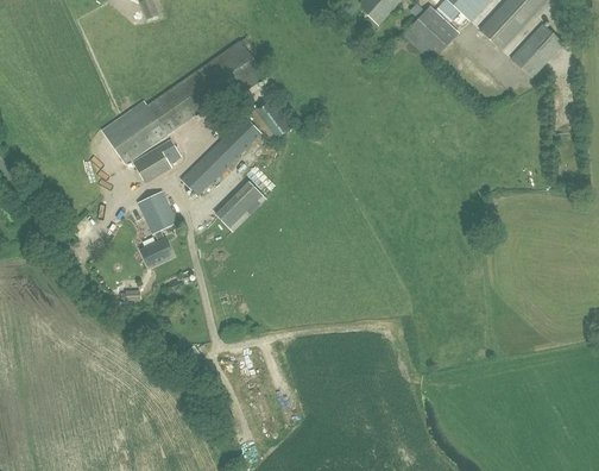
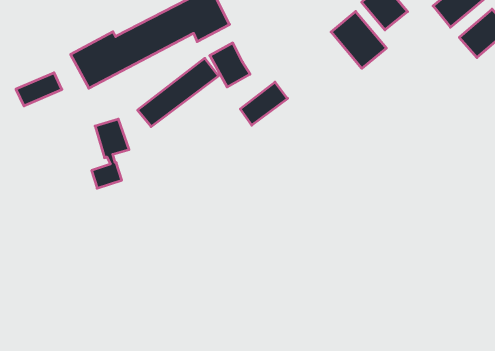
building: none -> [331,11,386,68]
building: [133,139,182,178] -> [16,73,62,106]
building: [217,182,266,231] -> [240,82,288,125]

